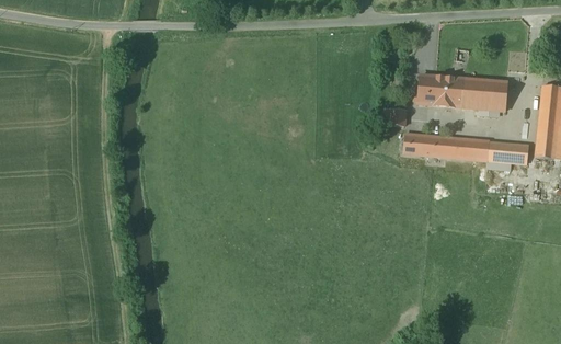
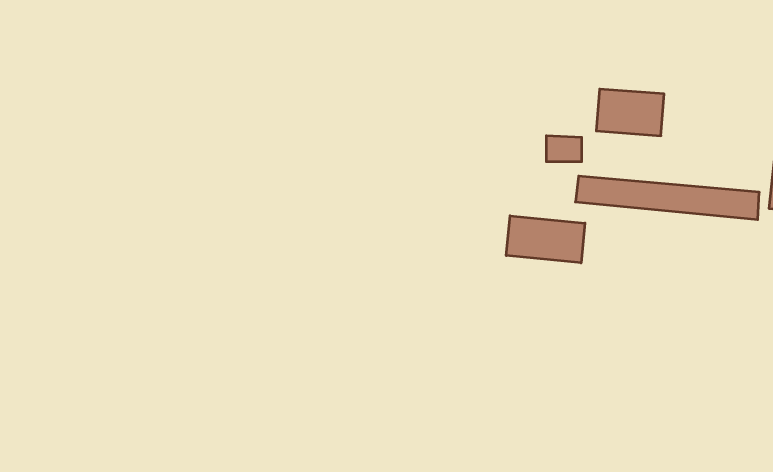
building: [461,78,507,111] -> none
building: none -> [506,216,585,263]

